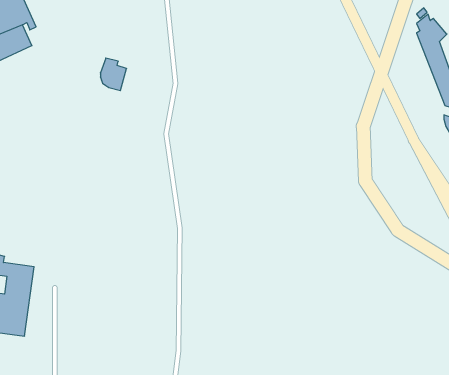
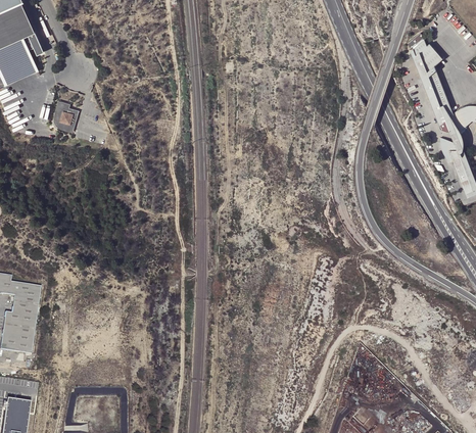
building: [100,58,127,91] -> [52,102,78,134]

